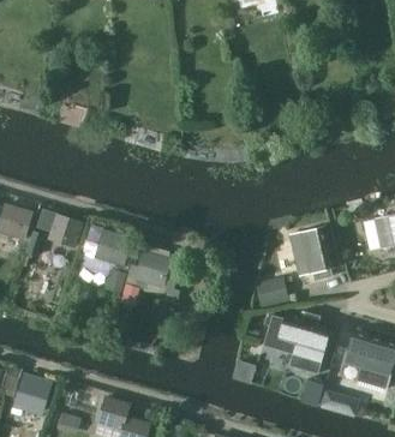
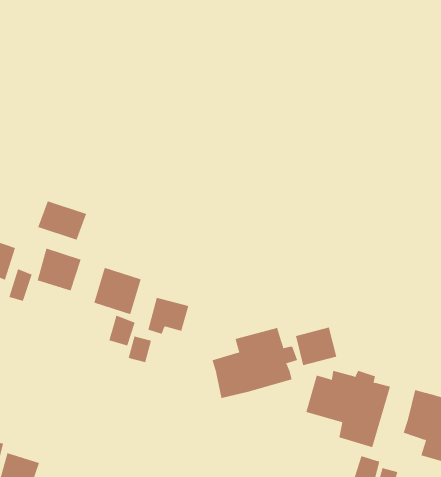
building: none -> [37,200,87,241]
building: [285,227,333,277] -> none
building: none -> [212,327,298,399]

